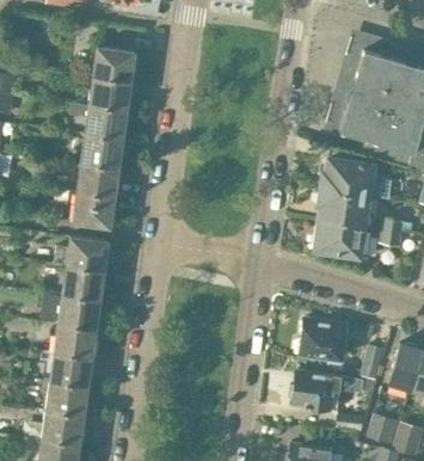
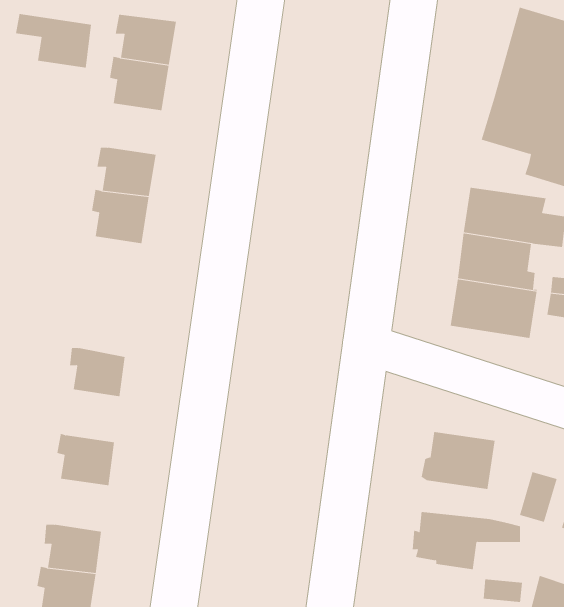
building: [76,102,127,137] -> [15,14,92,68]
building: [75,190,113,225] -> none
building: [69,234,107,270] -> none
building: [61,291,99,326] -> none
building: [53,349,92,385] -> none

